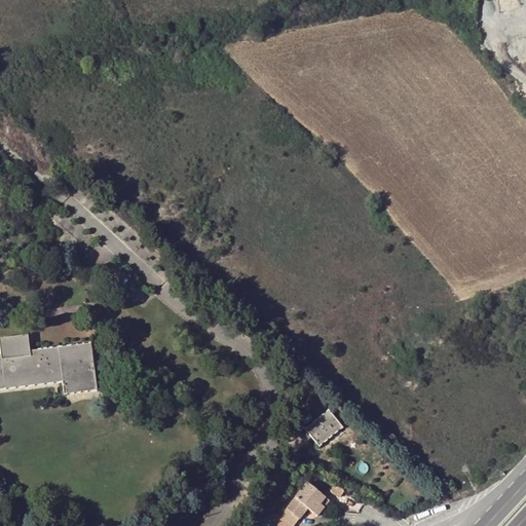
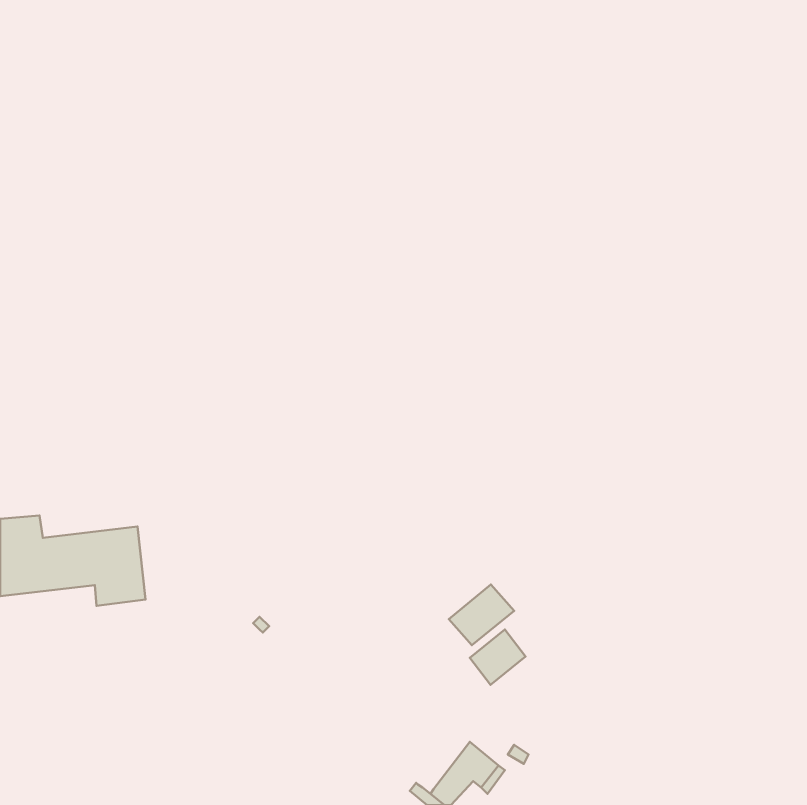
building: none -> [449,585,514,645]

